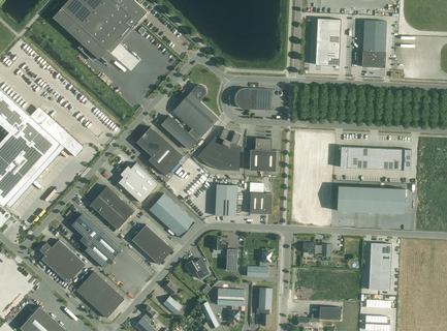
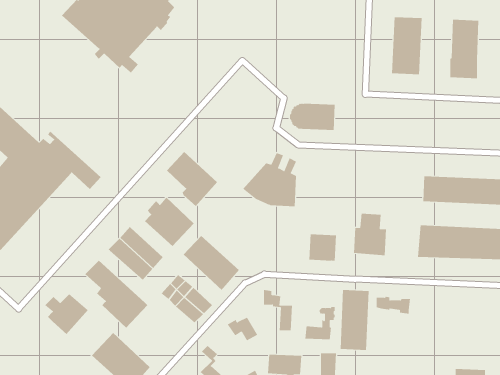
building: [162,85,217,149] -> none
building: [250,138,277,172] -> [353,213,387,256]
building: [216,184,237,216] -> none
building: [369,242,392,291] -> [340,290,369,350]
building: [57,253,86,283] -> none

